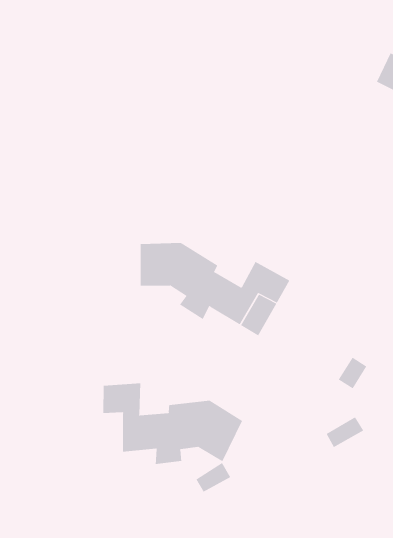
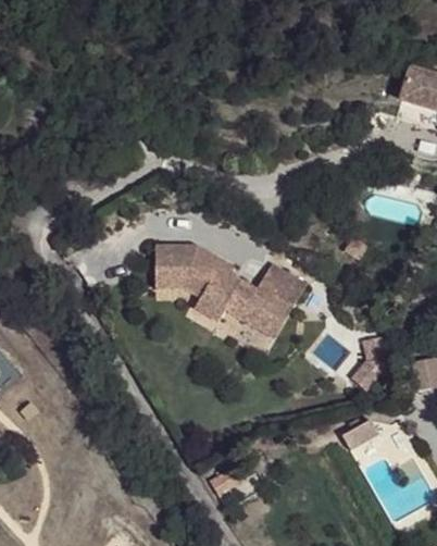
building: [103,383,243,465] -> none

